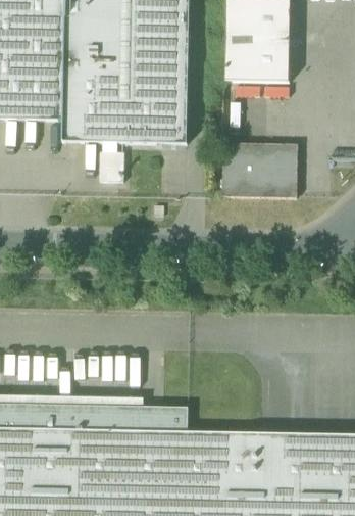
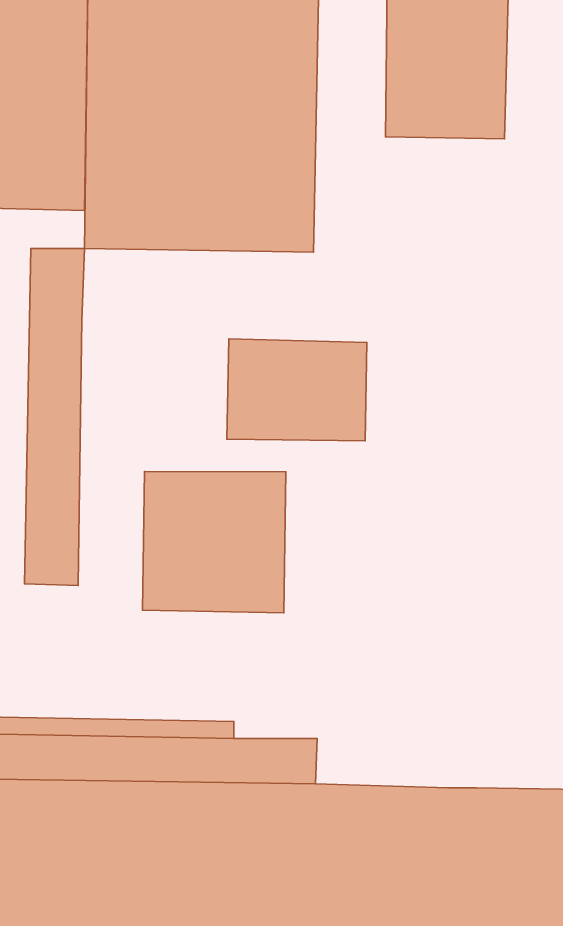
building: none -> [24,249,84,585]
building: [222,144,298,199] -> [227,339,367,441]
building: none -> [143,471,286,613]

